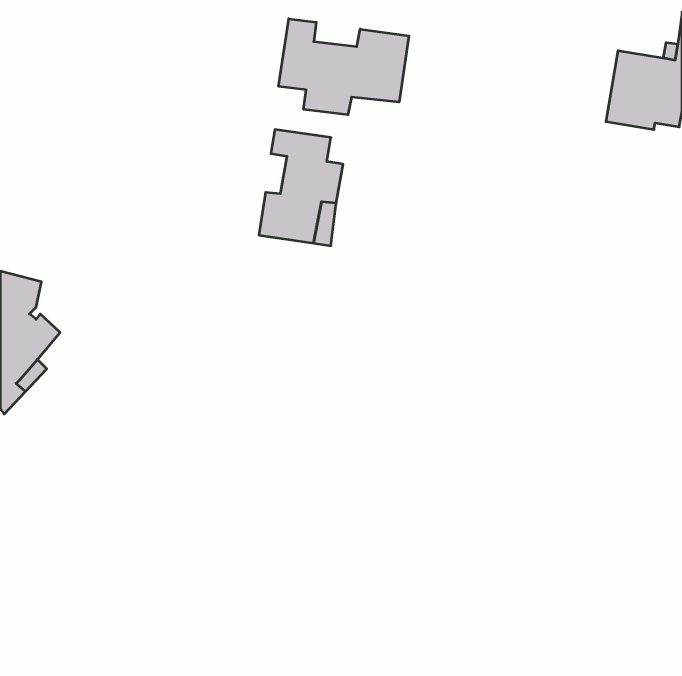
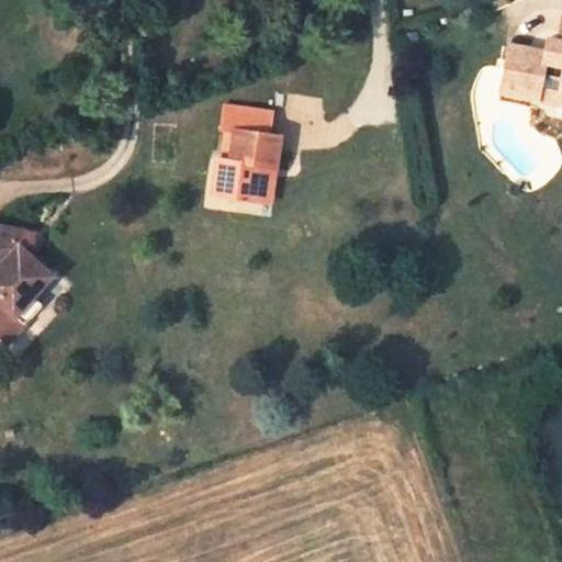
building: [279,19,409,115] -> none

